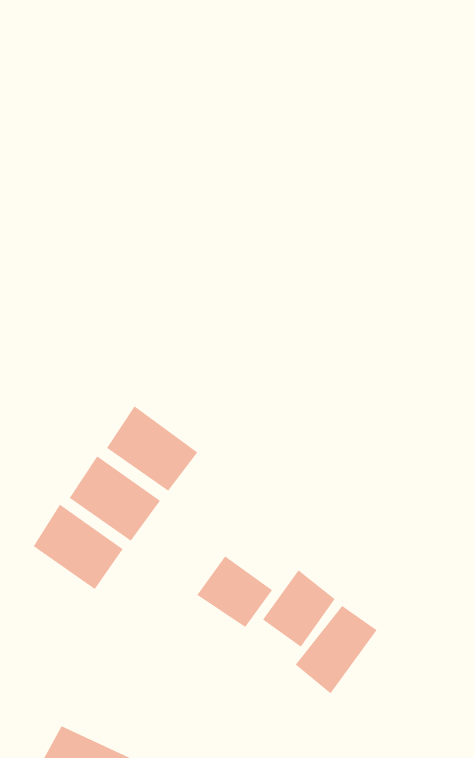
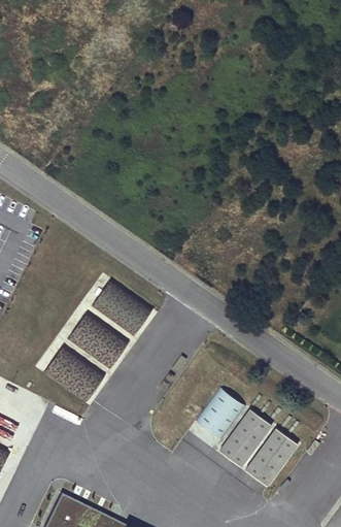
building: [197,555,273,628] -> none
building: none -> [244,430,297,489]

